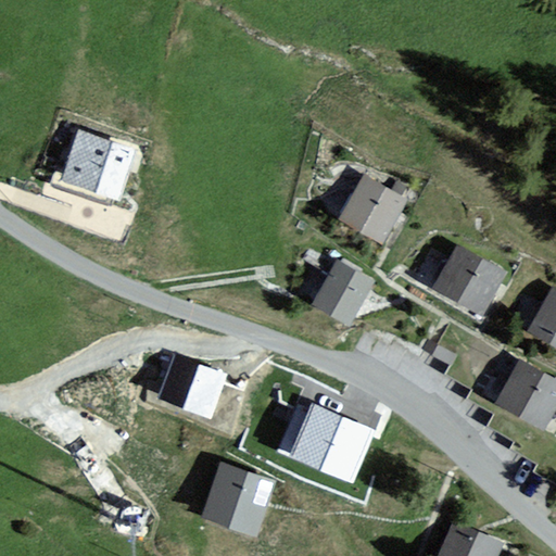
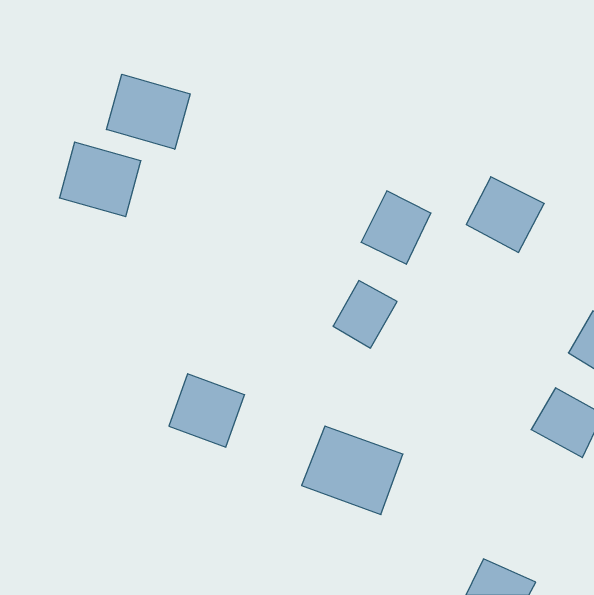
building: none -> [106,74,190,149]
building: [432,248,505,318] -> [466,177,544,252]
building: [202,457,278,535] -> none

